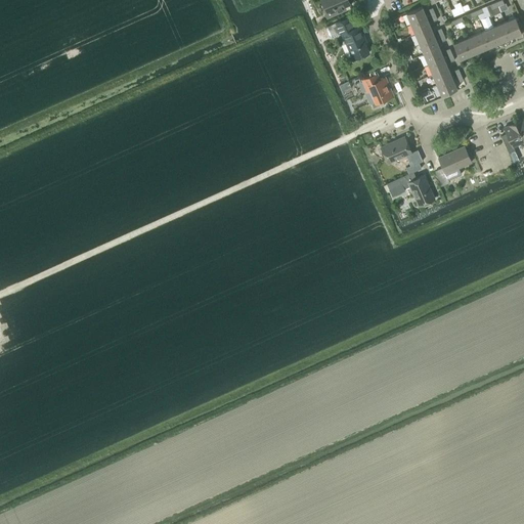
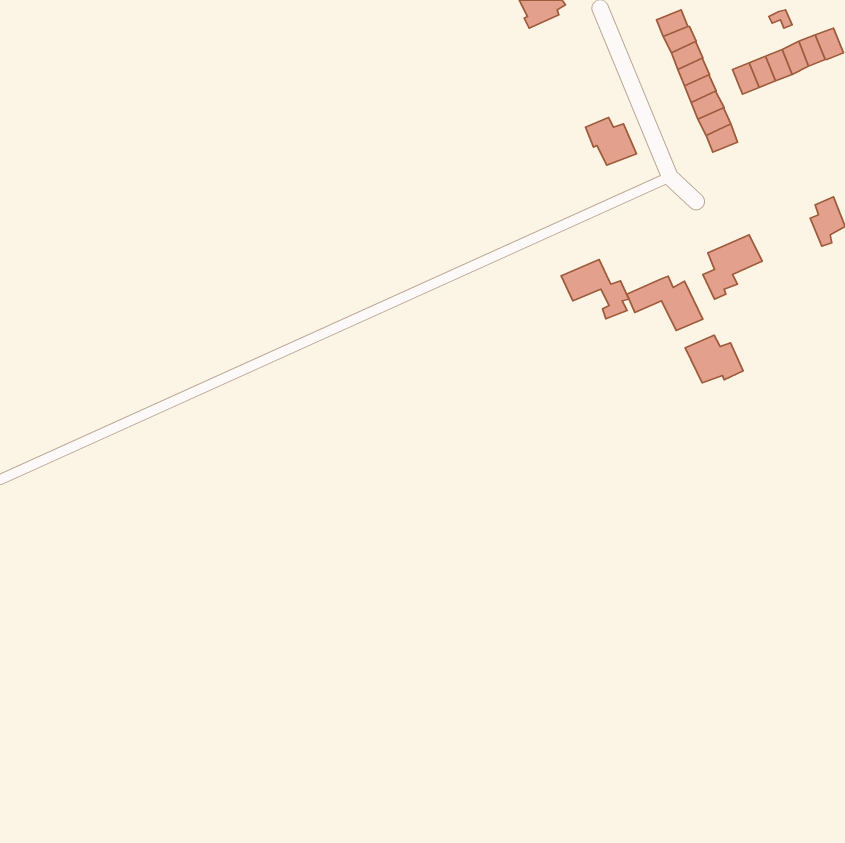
building: [325,17,369,59] -> none
building: [381,137,423,174] -> [561,259,629,319]
building: none -> [685,335,743,383]

